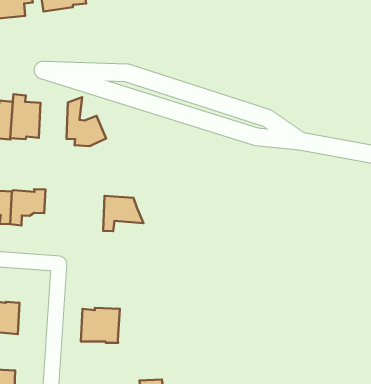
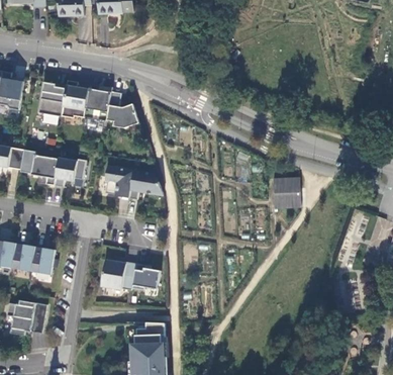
building: none -> [84,85,111,120]
building: none -> [273,177,301,208]
building: none -> [105,166,132,198]
building: none -> [131,263,160,290]

